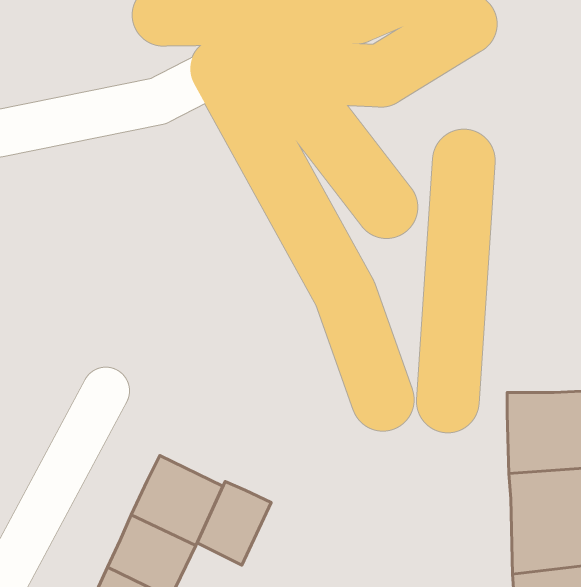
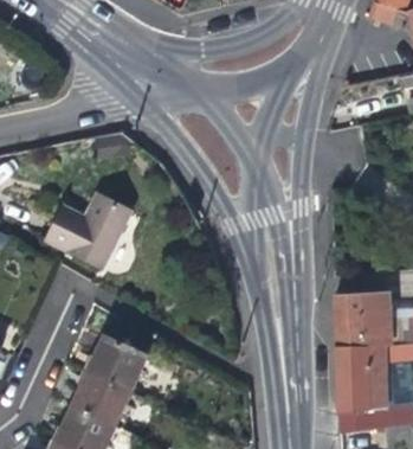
building: none -> [47,193,130,267]
building: [197,482,271,565] -> none

